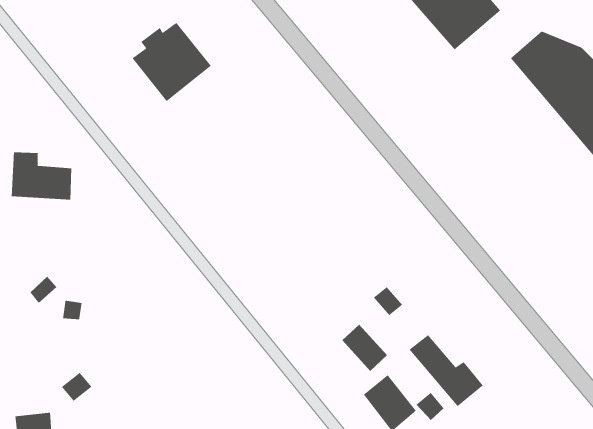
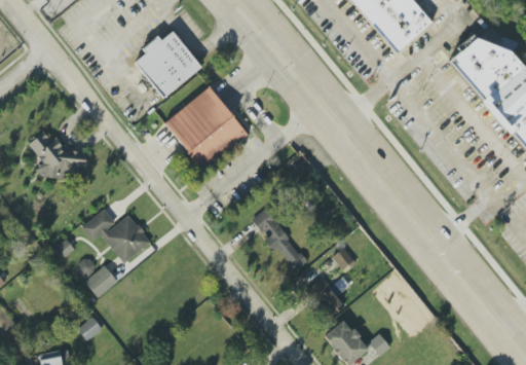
building: none -> [164,86,248,170]
building: none -> [252,208,307,271]
building: none -> [81,209,151,263]
building: none -> [85,265,118,297]
building: [409,334,484,407] -> none

